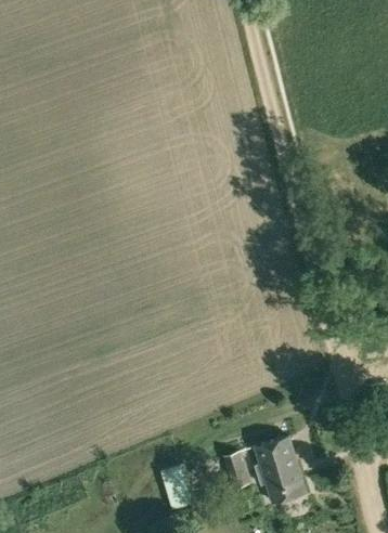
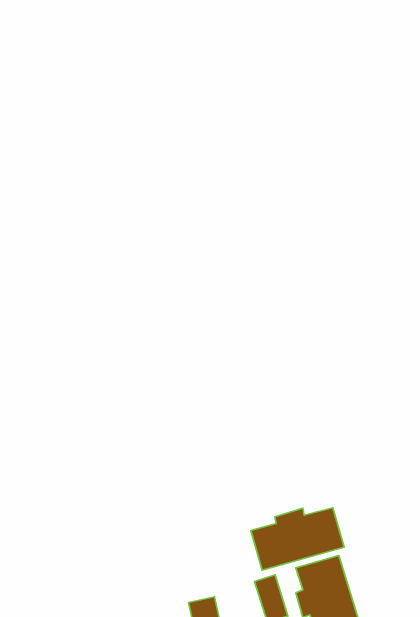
building: none -> [251,508,344,570]

